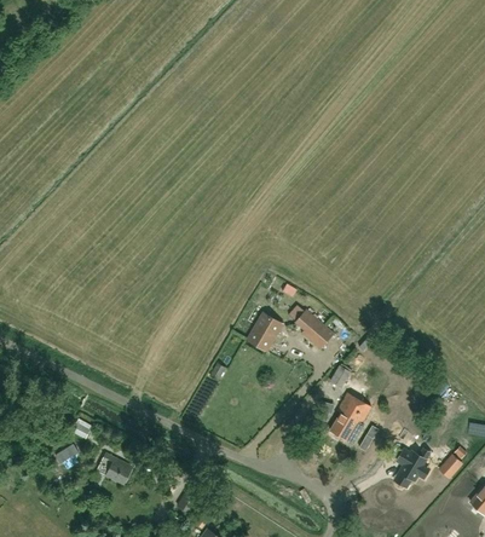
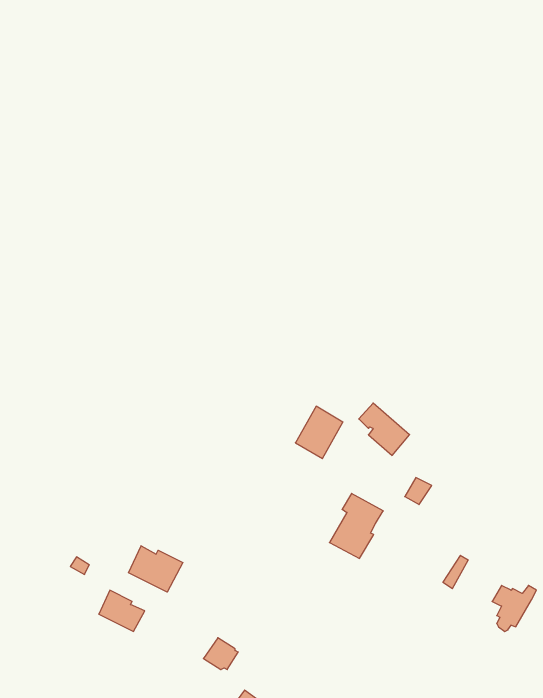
building: [330,393,371,443] -> [329,493,383,558]
building: none -> [128,546,183,592]

